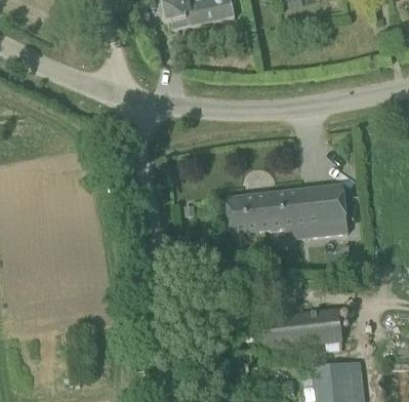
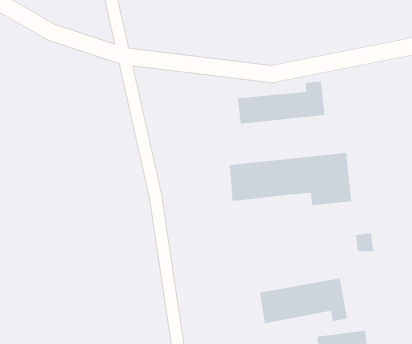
building: none -> [237,81,325,125]

